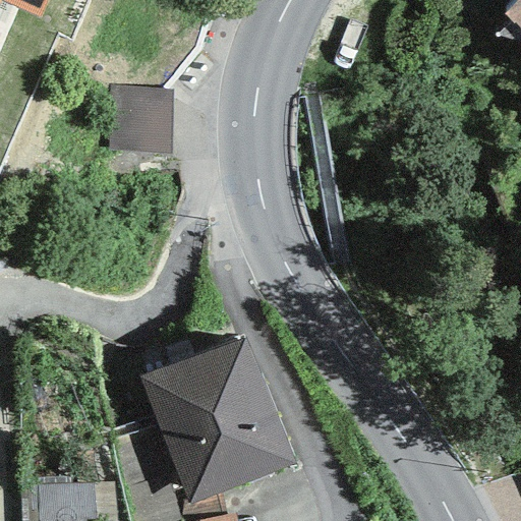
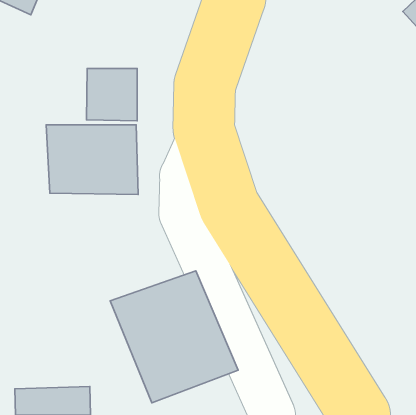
building: none -> [46,125,138,194]

